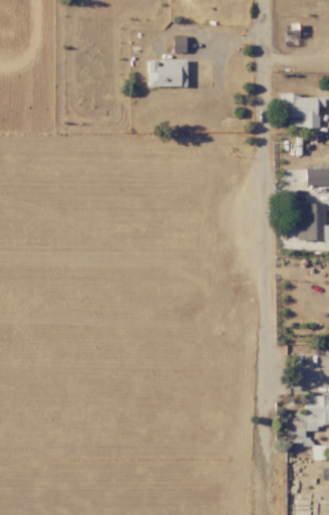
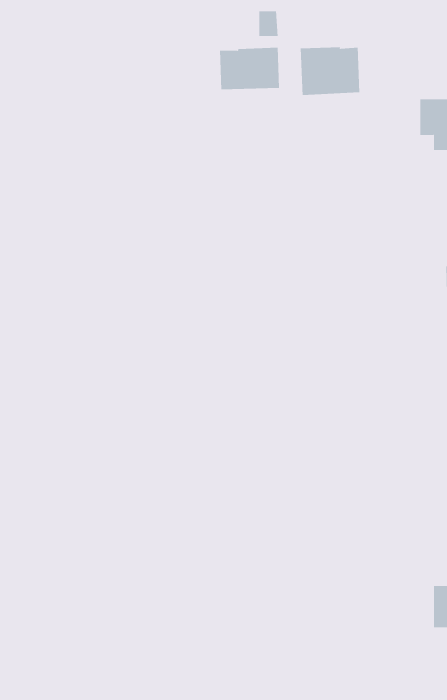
building: none -> [300,46,360,96]

